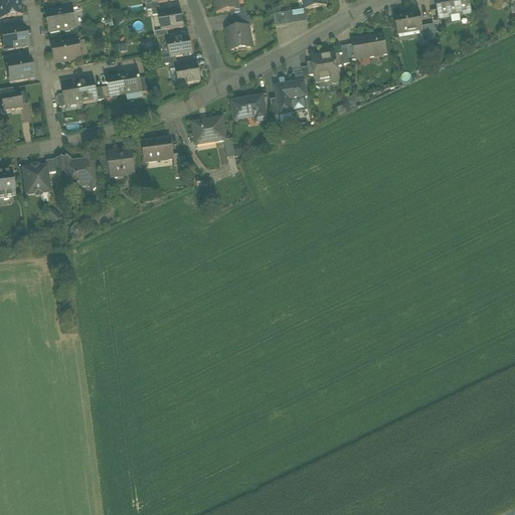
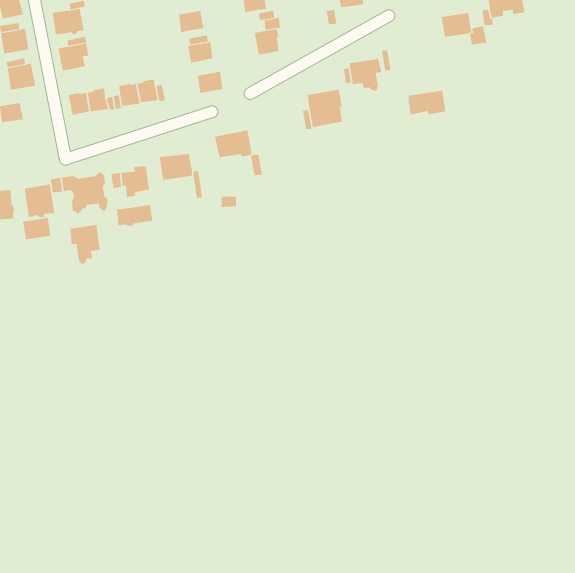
building: [351,33,385,58] -> [408,90,446,118]
building: [231,95,267,121] -> none
building: none -> [117,204,153,226]
building: none -> [23,217,51,240]
building: none -> [70,224,101,265]

